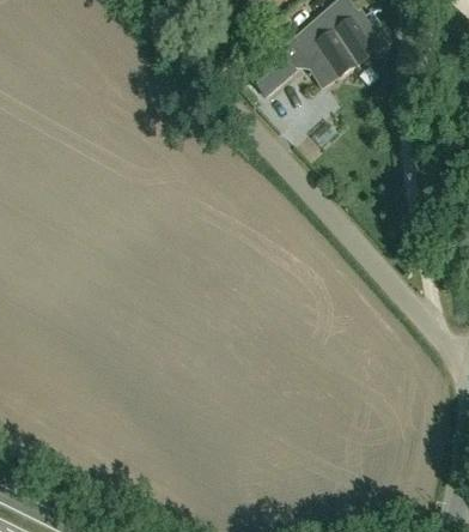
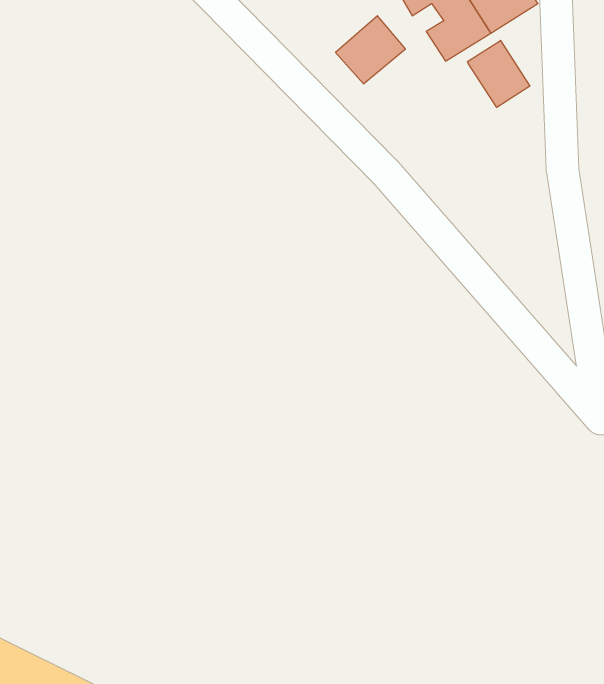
building: none -> [468,40,530,107]

